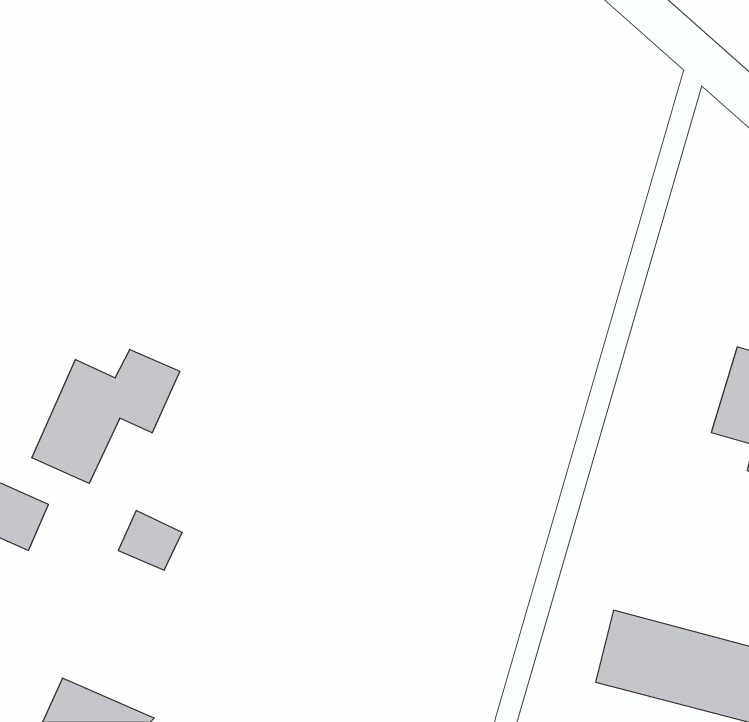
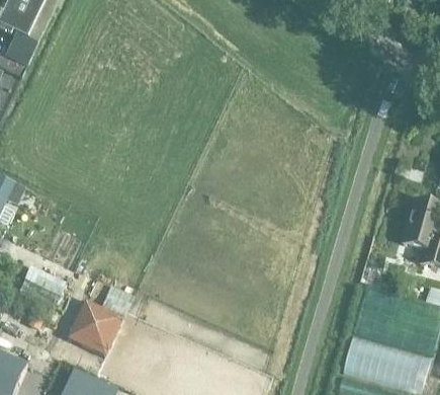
building: [32,349,180,483] -> none
building: none -> [67,300,123,358]

